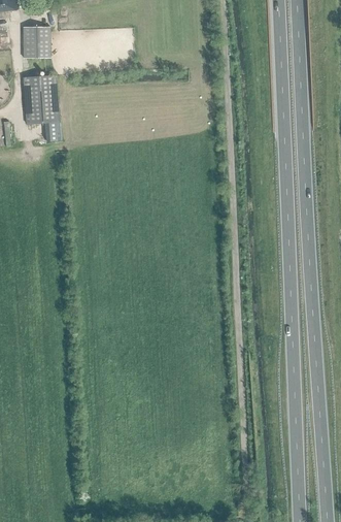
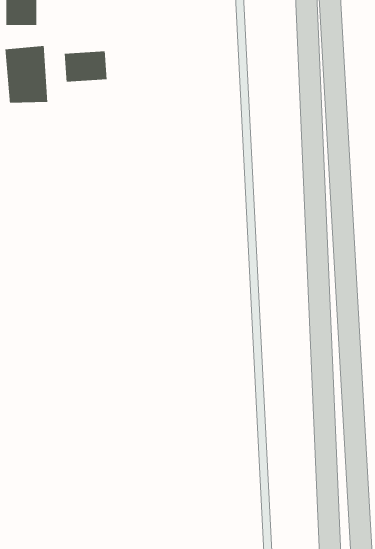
building: none -> [64,51,107,83]

